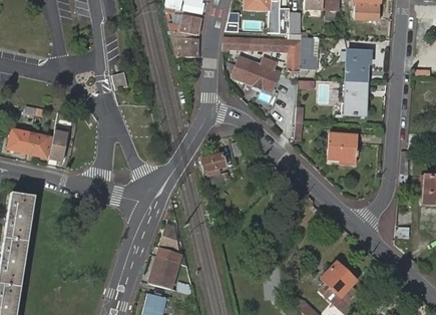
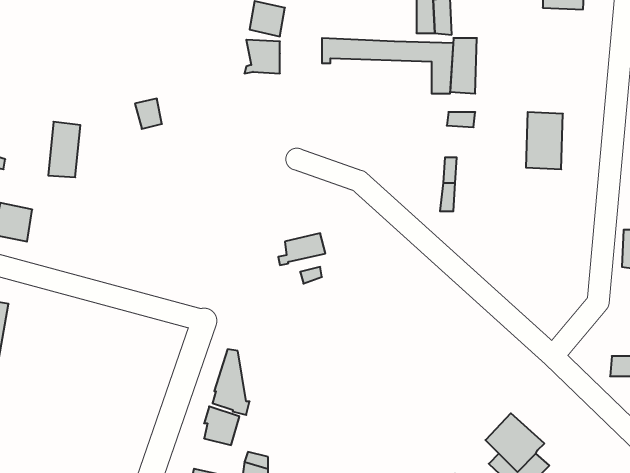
building: [345,50,367,82] -> none
building: [231,58,278,93] -> none
building: [52,127,71,161] -> [48,122,80,177]
building: [326,133,358,165] -> none

